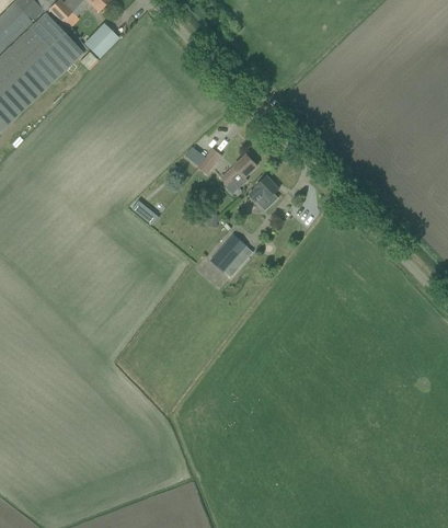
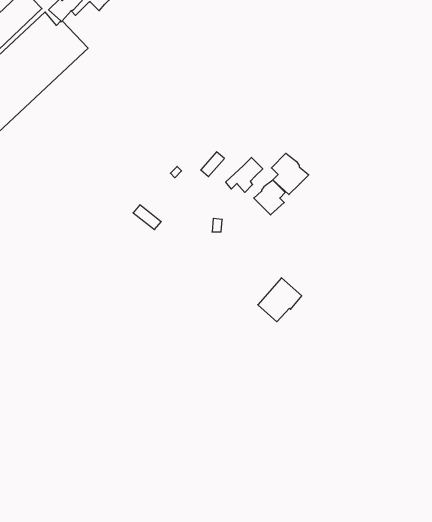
building: [83,23,117,58] -> none
building: none -> [271,153,309,195]
building: [209,233,252,276] -> [258,278,302,322]

